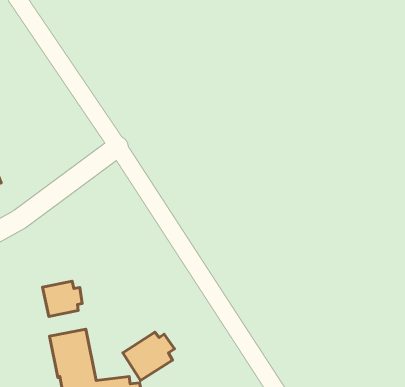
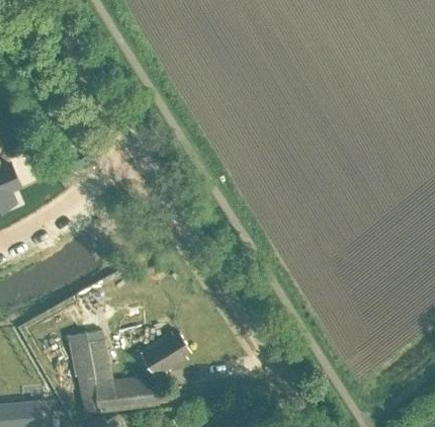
building: [43,281,82,316] -> none

